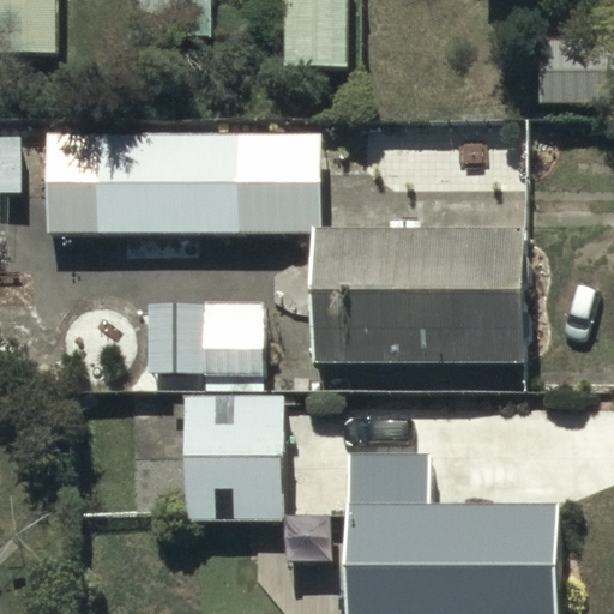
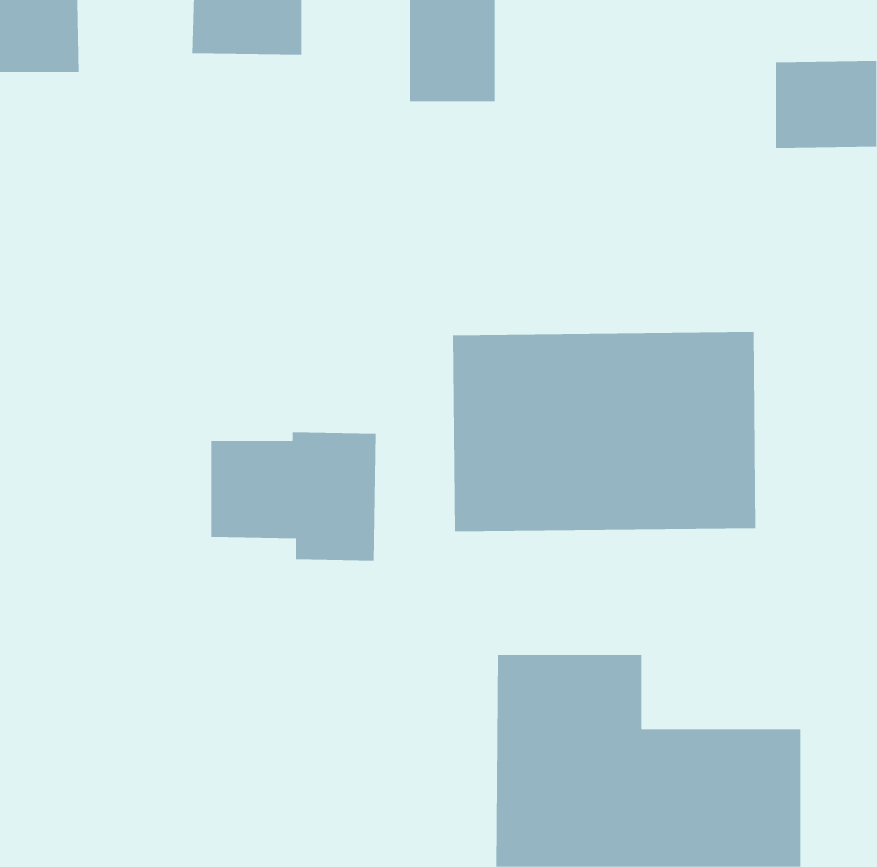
building: [46,134,320,233] -> none
building: [182,396,283,520] -> none

